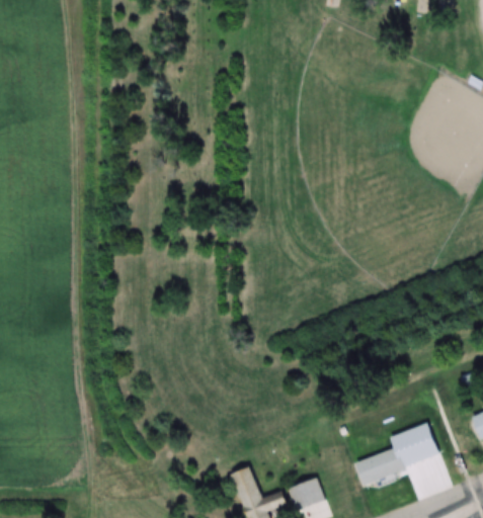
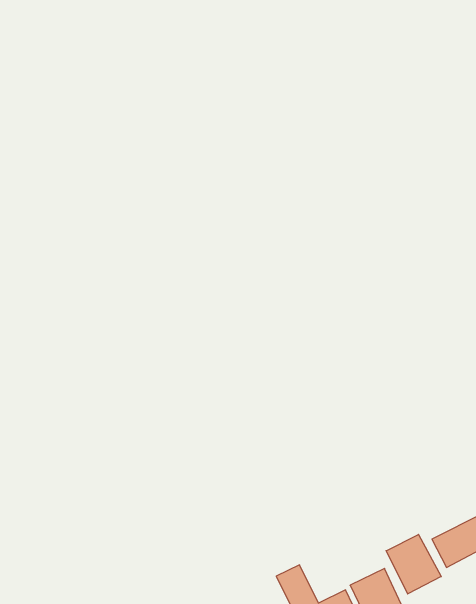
building: none -> [386,534,441,594]

